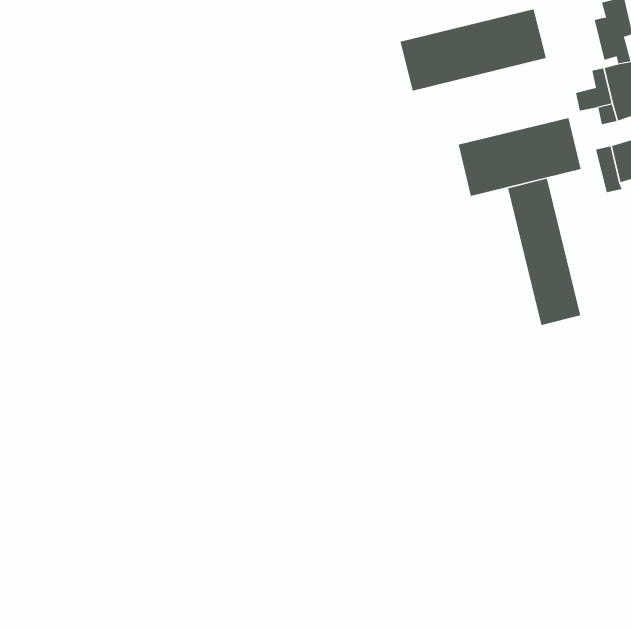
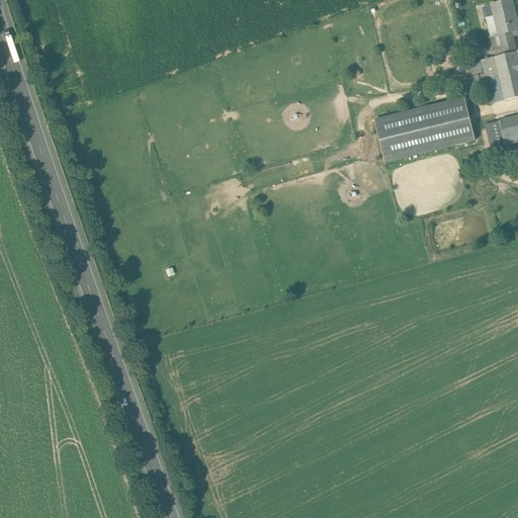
building: [400,9,547,91] -> none
building: [507,178,581,326] -> none

